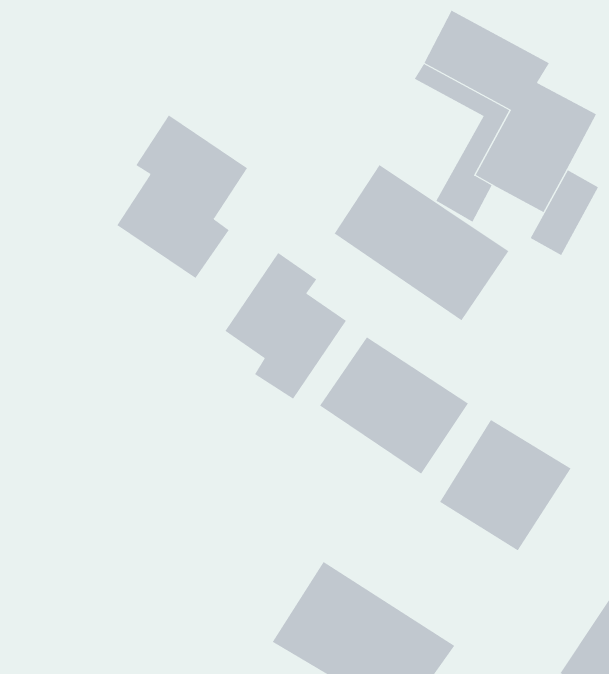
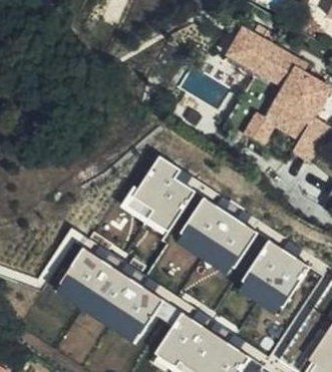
building: [116,115,248,279] -> none
building: [334,164,509,321] -> none
building: none -> [55,250,161,344]

